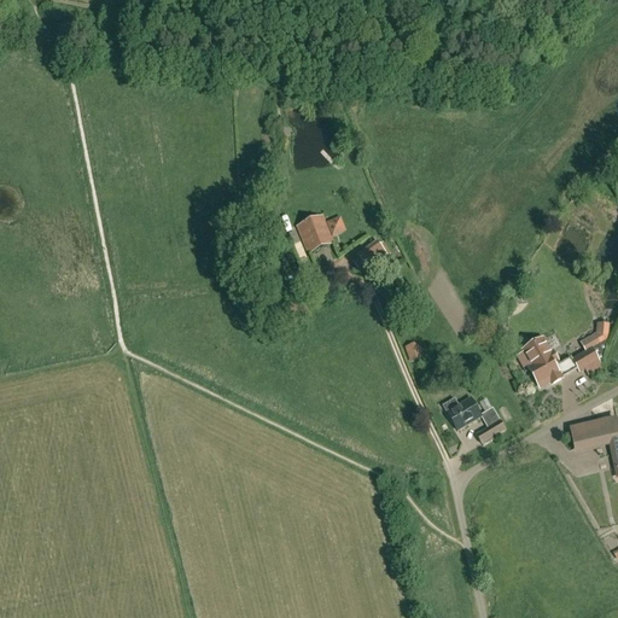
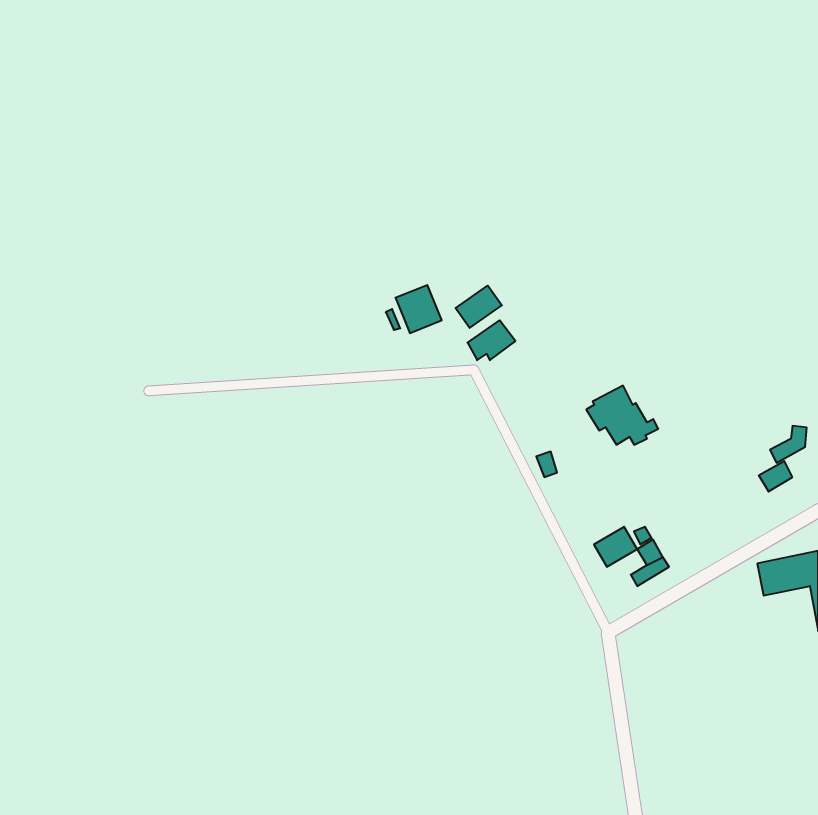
building: none -> [456,286,502,328]
building: [515,338,570,383] -> [586,386,658,445]

